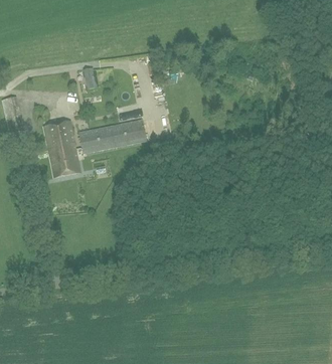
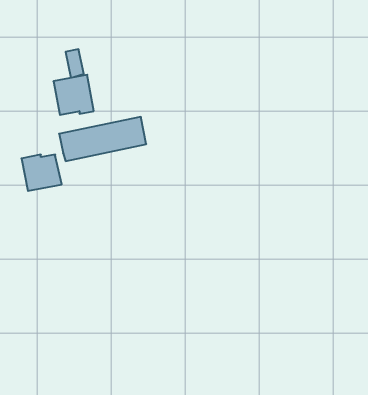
building: [44,120,75,151] -> [53,75,94,115]

